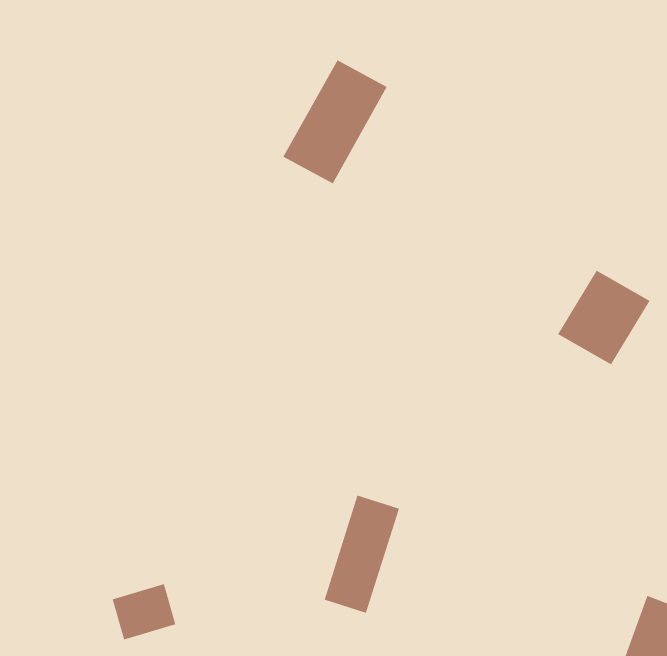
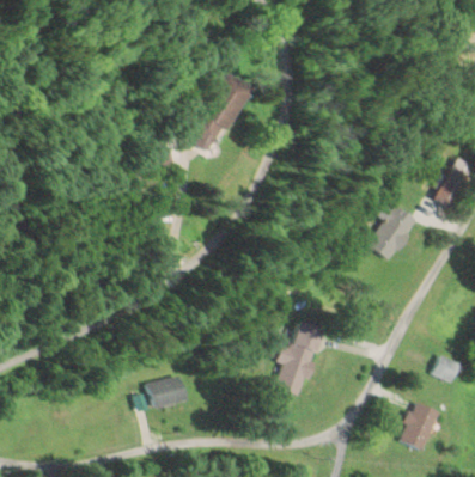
building: [324,495,400,614] -> [276,323,323,396]
building: [112,584,176,640] -> [147,375,187,410]

